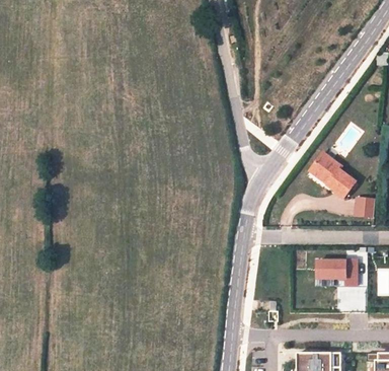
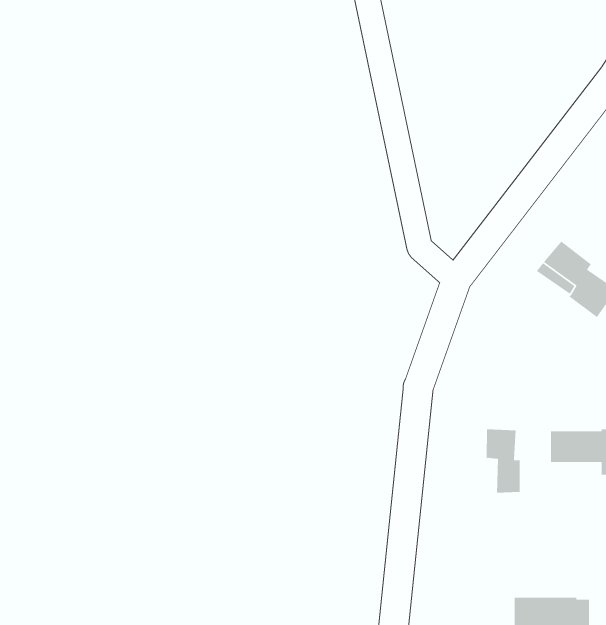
building: none -> [486,428,521,493]

